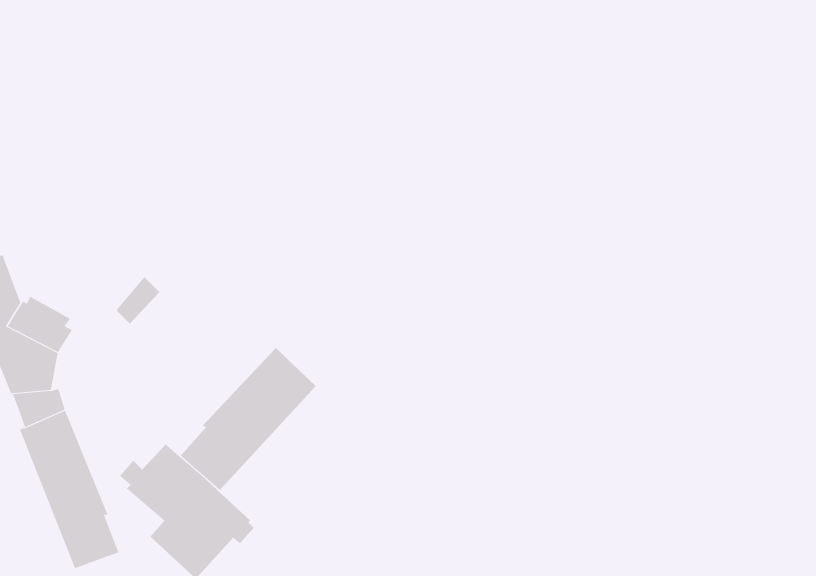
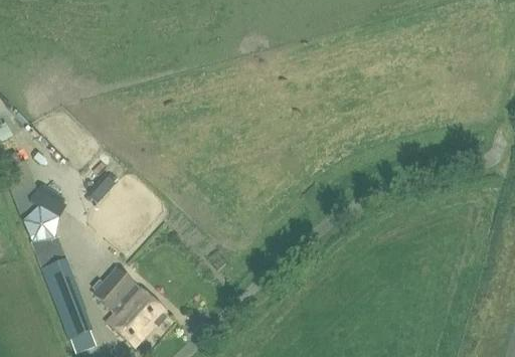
building: [180,347,316,491] -> none

